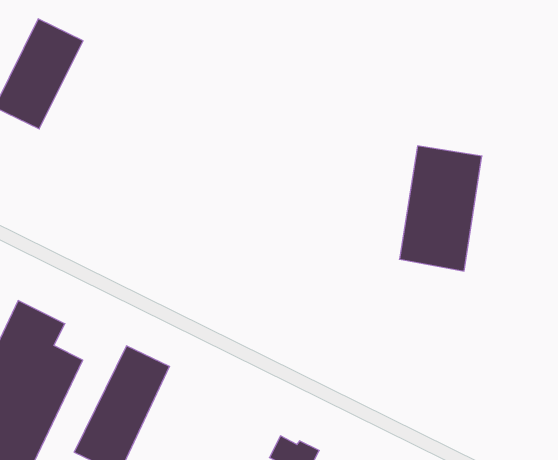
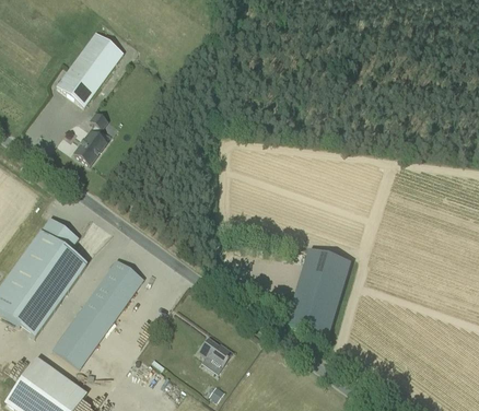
building: none -> [74,111,108,164]
building: [399,146,482,271] -> [289,247,355,336]

